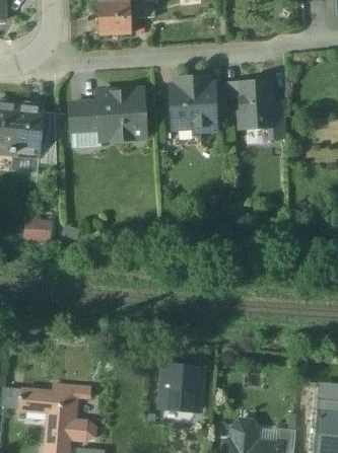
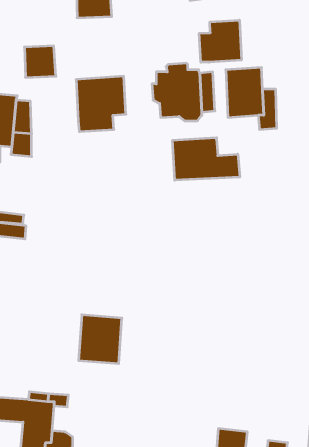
building: none -> [199,20,241,62]
building: [70,102,99,132] -> [24,46,56,77]
building: none -> [173,138,240,180]
building: [161,366,202,411] -> [79,315,122,364]

